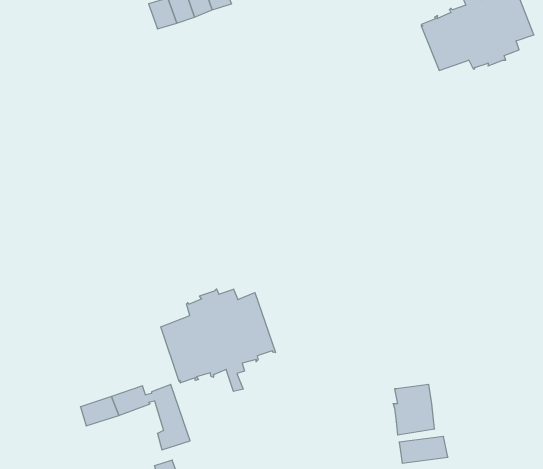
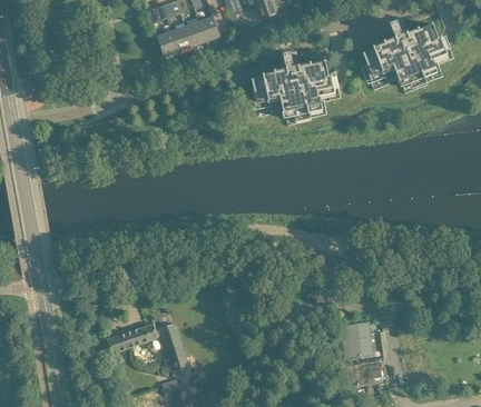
building: none -> [253,52,334,117]
building: [161,289,275,391] -> none

